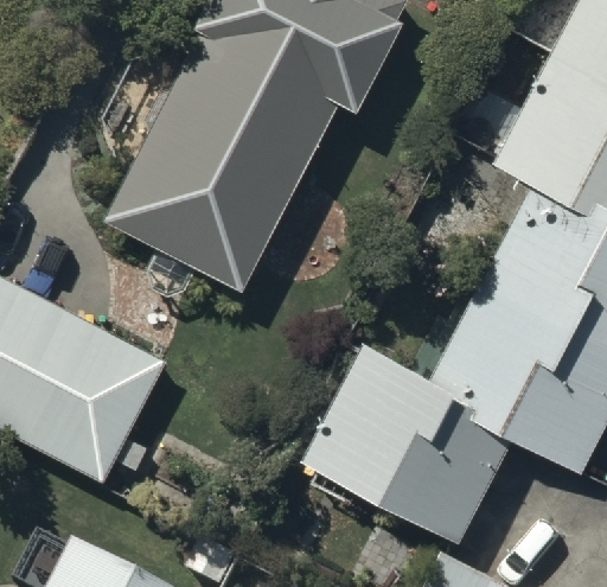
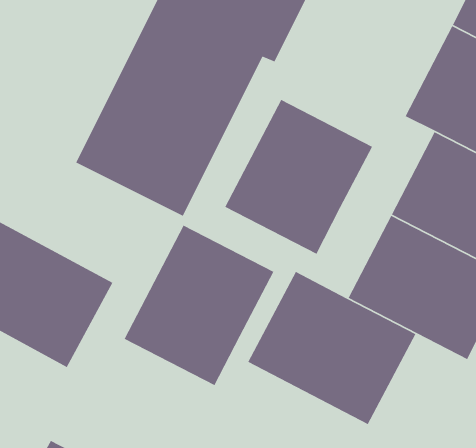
building: none -> [224,99,373,255]
building: none -> [123,224,275,386]

